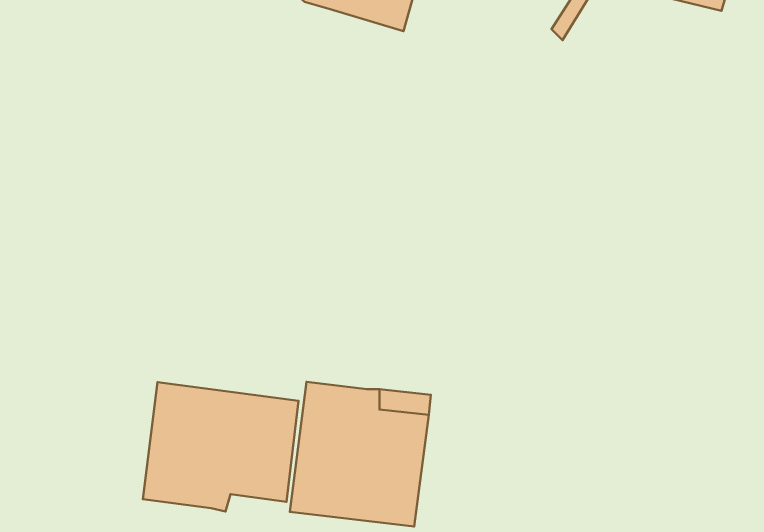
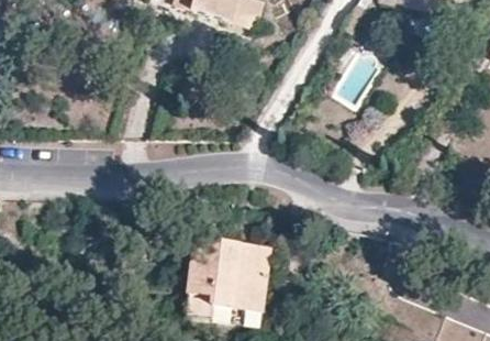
building: [143,382,299,512] -> none

